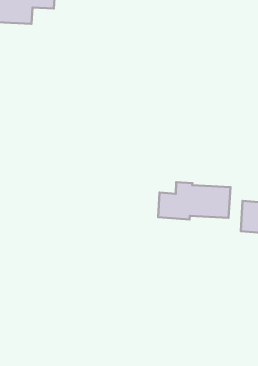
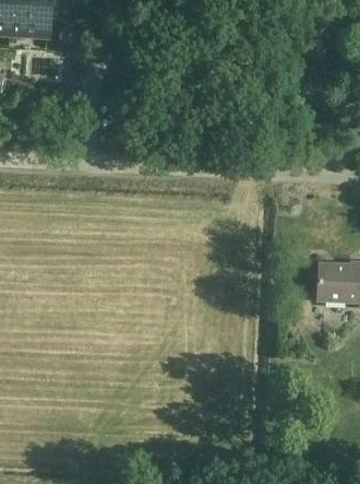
building: [158,182,231,219] -> none

